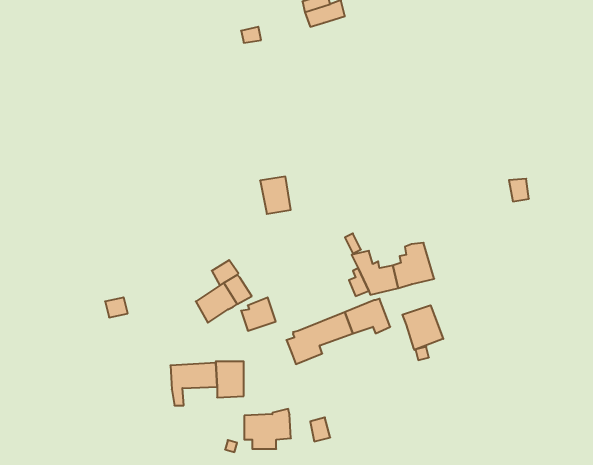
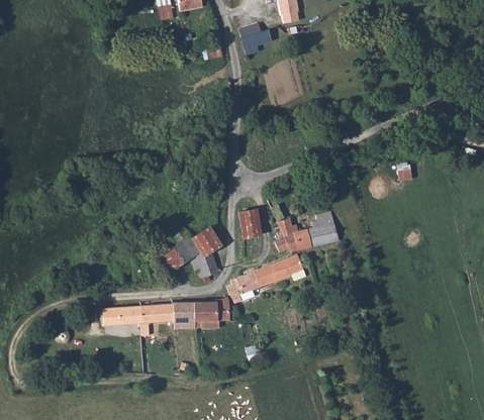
building: [260,177,291,214] -> [238,209,262,237]
building: none -> [192,226,219,252]
building: [402,305,443,350] -> none
building: none -> [103,305,140,325]
building: [244,409,291,449] -> [195,297,230,327]

